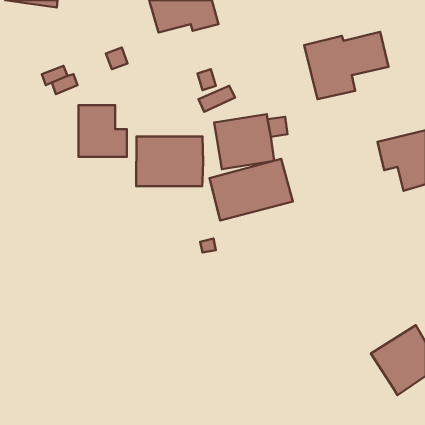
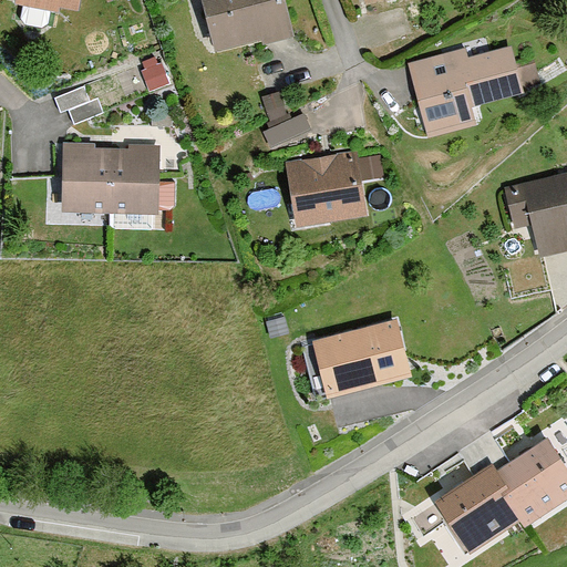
building: none -> [55,141,105,209]
building: [136,136,203,186] -> none
building: [209,159,293,221] -> [303,318,414,400]
building: none -> [437,467,524,551]

